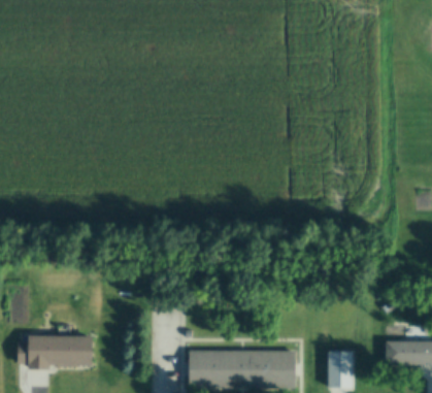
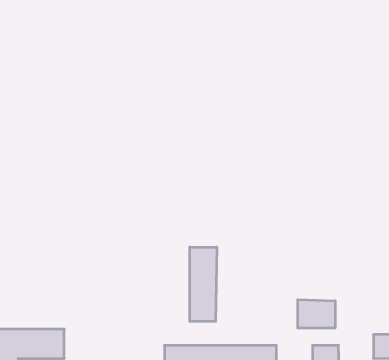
building: none -> [190,247,217,321]
building: none -> [298,300,335,328]

